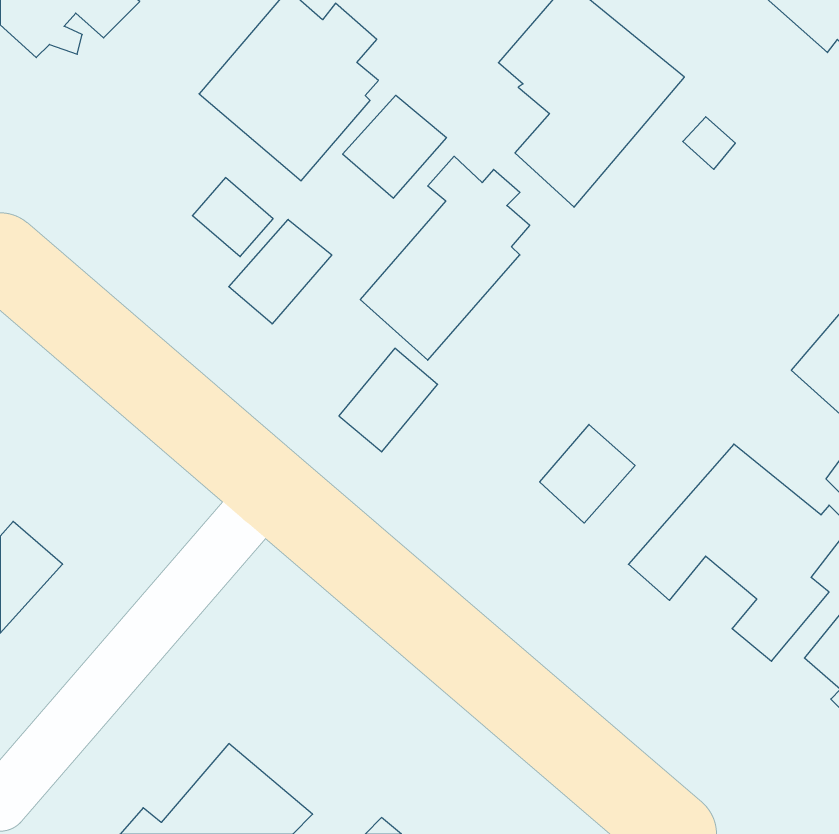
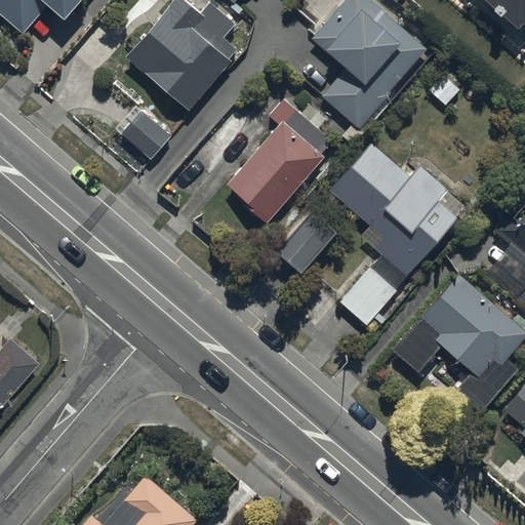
building: [343,95,446,198] -> none
building: [229,219,332,324] -> none
building: none -> [330,145,467,275]
building: [339,348,438,452] -> [276,213,337,278]

